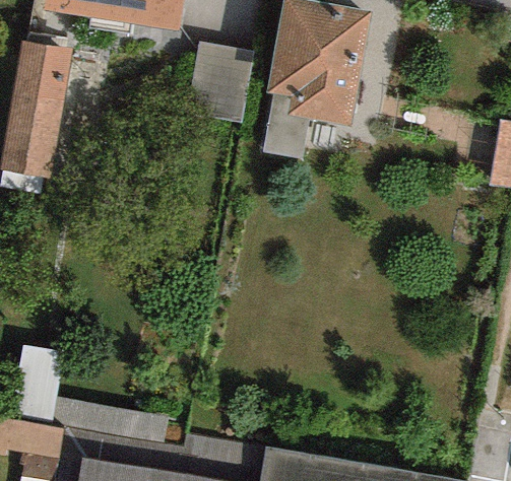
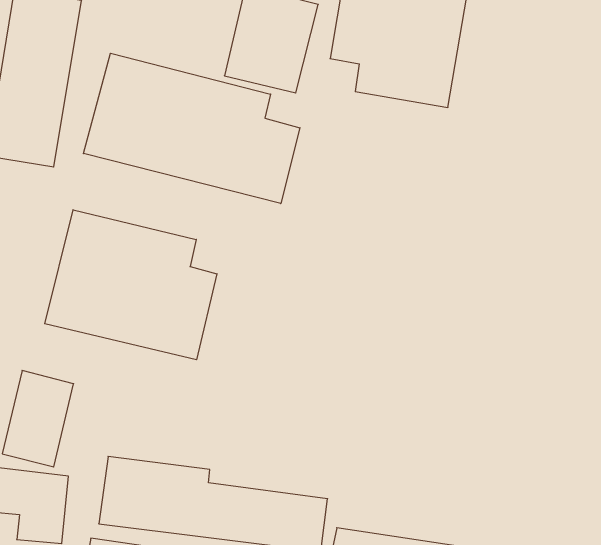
building: none -> [83,53,300,204]
building: none -> [45,210,217,360]

